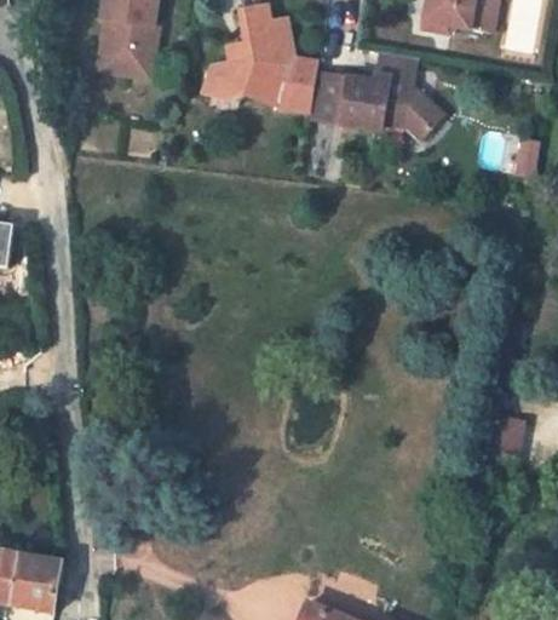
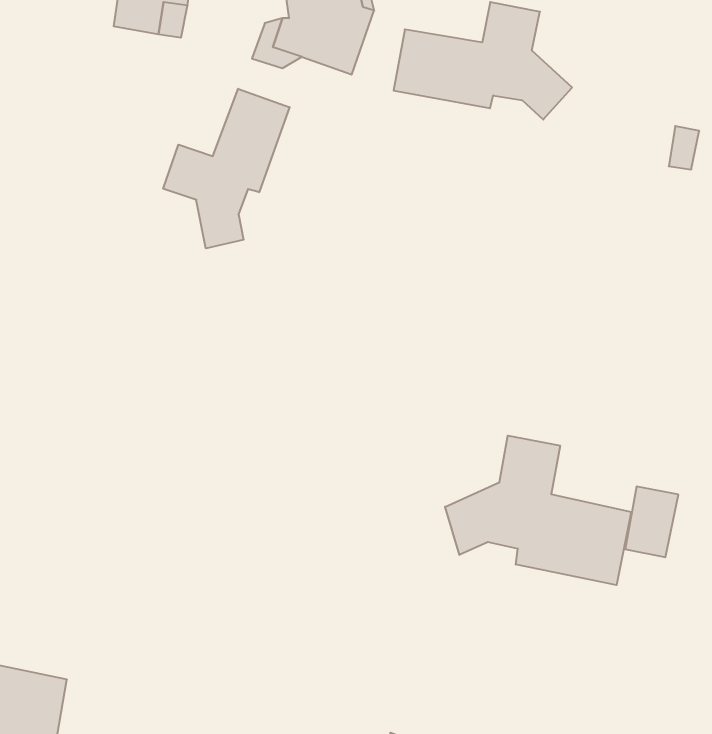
building: none -> [163,89,290,248]
building: none -> [445,436,631,585]

